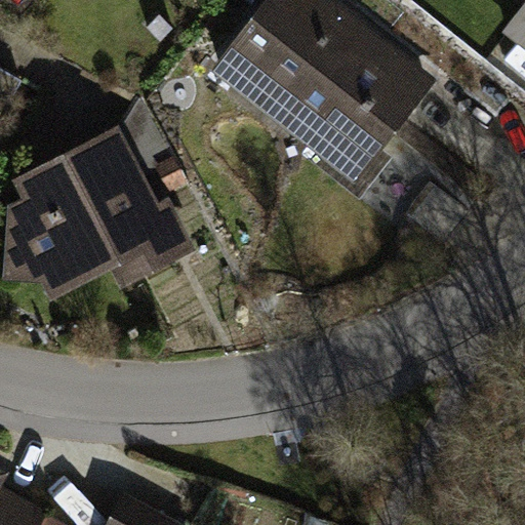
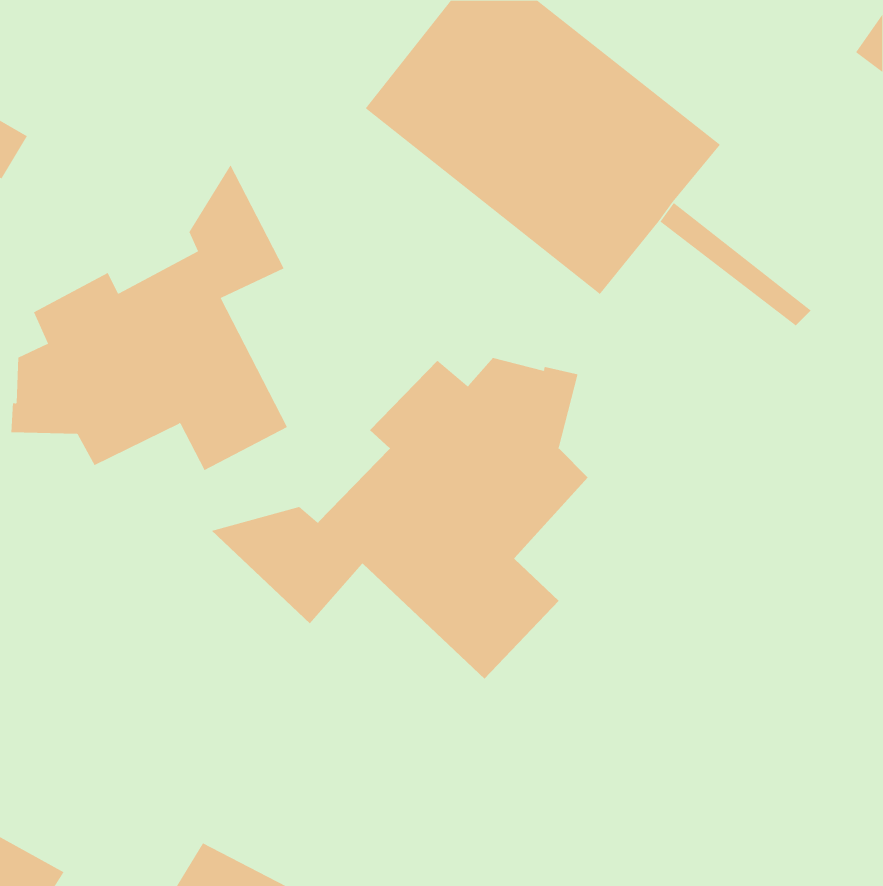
building: none -> [211,357,588,679]

